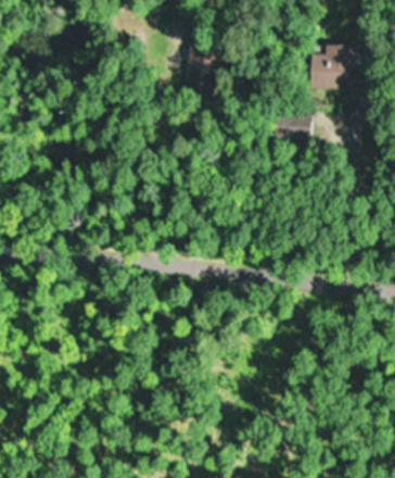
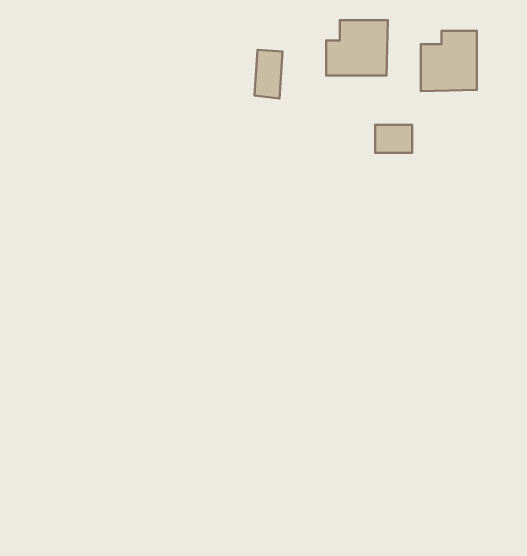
building: none -> [326,20,388,75]

